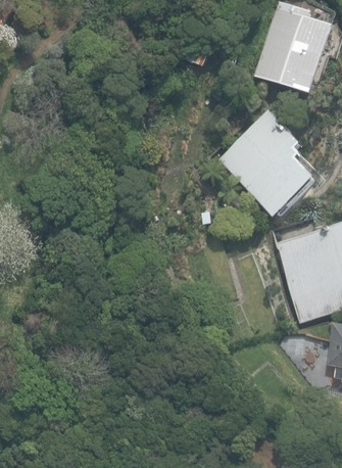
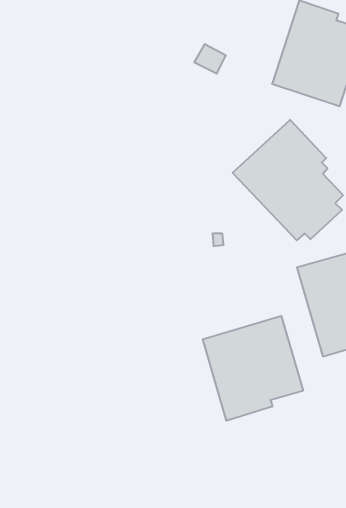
building: none -> [203,316,303,421]

